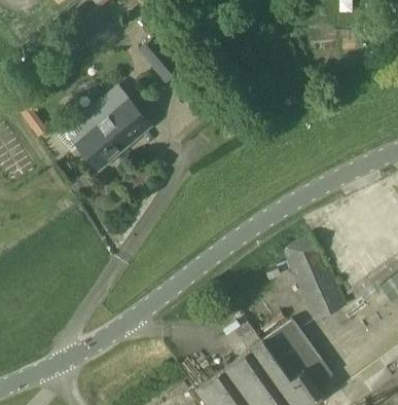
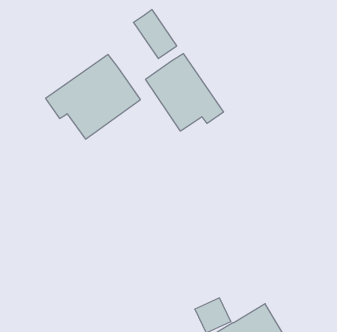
building: none -> [146,54,223,131]
building: [283,235,349,323] -> none

